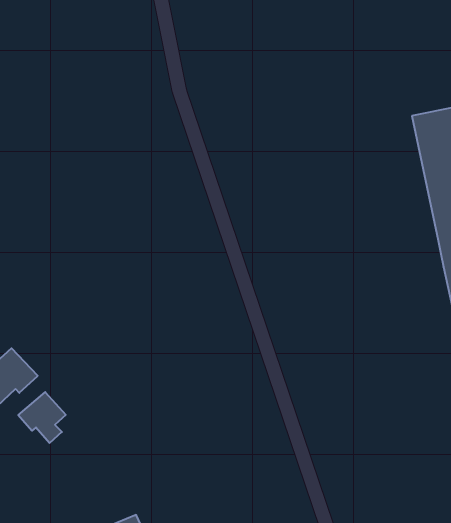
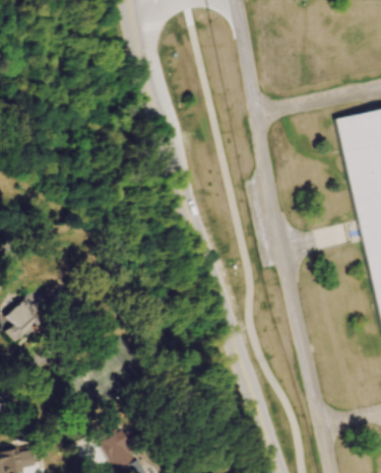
building: [18,392,66,443] -> none

